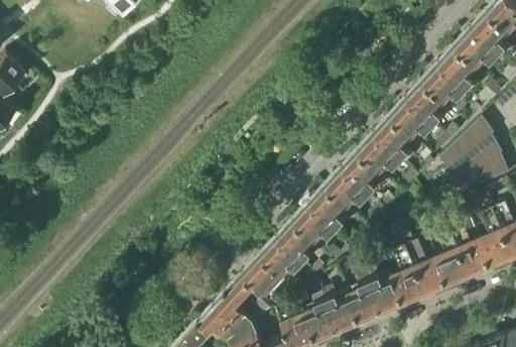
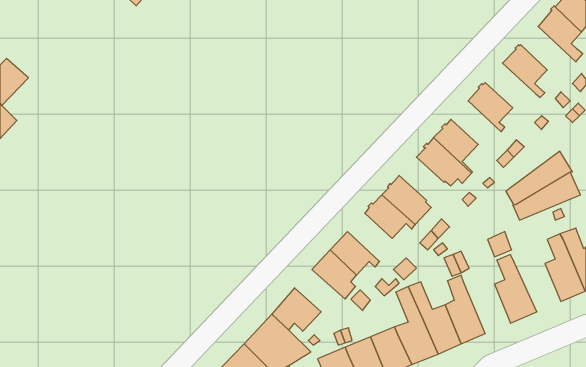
building: [458,25,506,65] -> none
building: [426,59,475,98] -> none
building: [396,92,440,132] -> none
building: [439,118,495,168] -> none
building: [351,141,390,180] -> none
building: [305,191,345,233] -> none
building: [448,222,493,277] -> none
building: [259,240,303,277] -> none
building: [405,240,448,297] -> none

